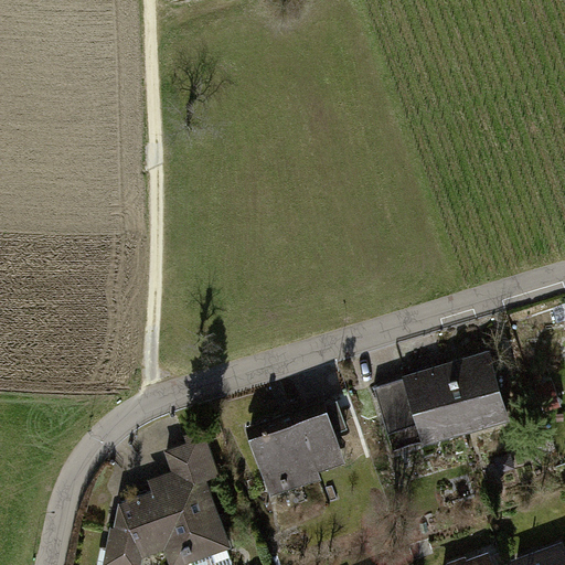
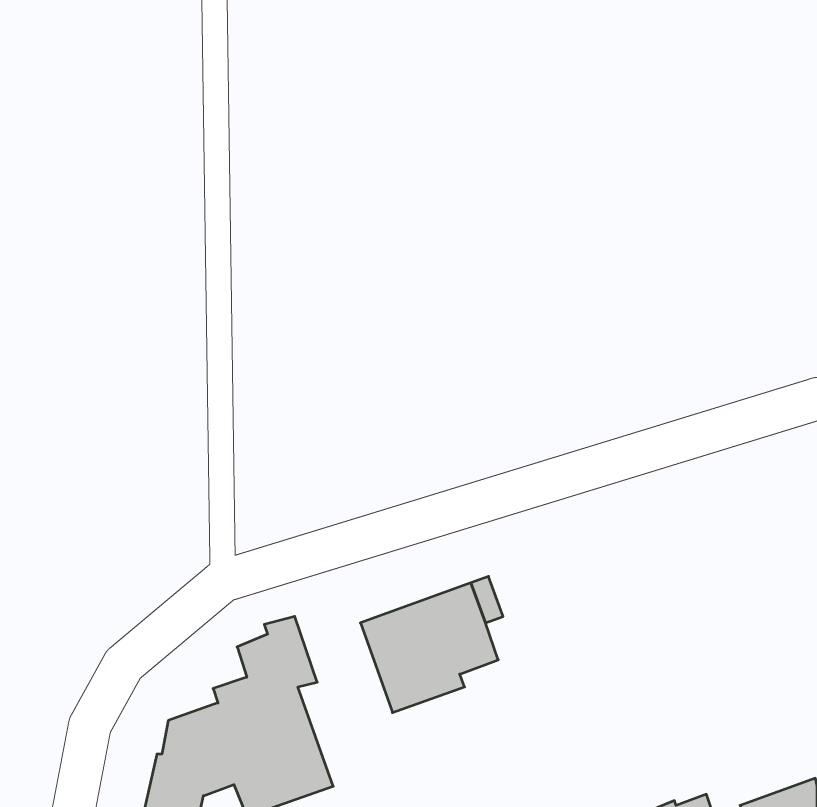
building: [374,352,510,456] -> none

